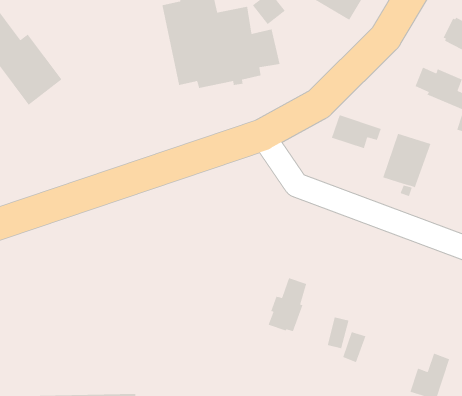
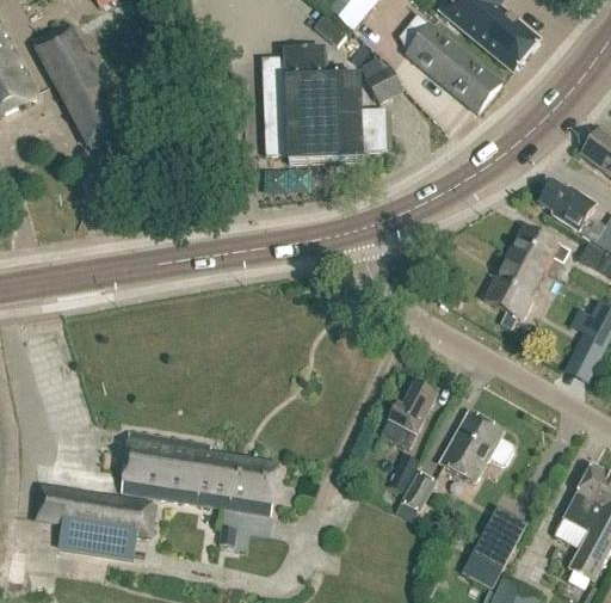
building: [331,114,382,149] -> [510,226,570,271]
building: none -> [439,412,513,481]
building: [267,277,307,332] -> [381,383,434,448]
building: none -> [121,431,278,515]

